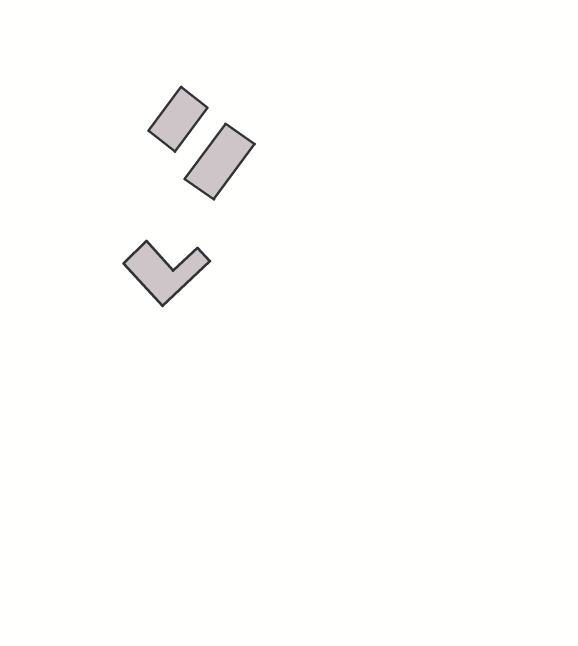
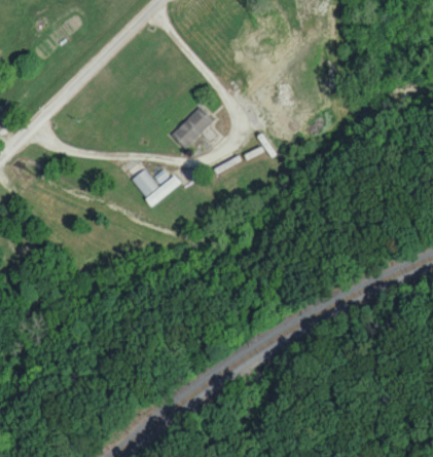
building: [149,87,207,152] -> none

